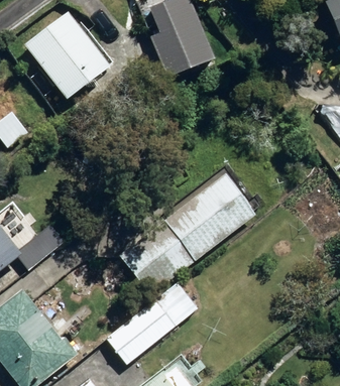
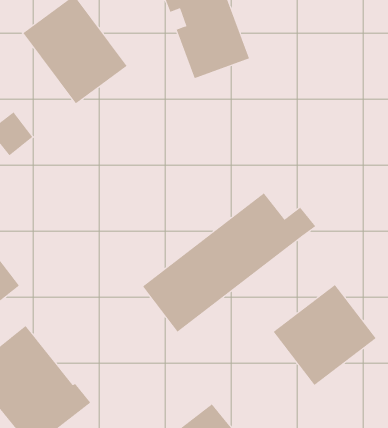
building: none -> [273,284,377,386]
building: [108,280,199,363] -> none

